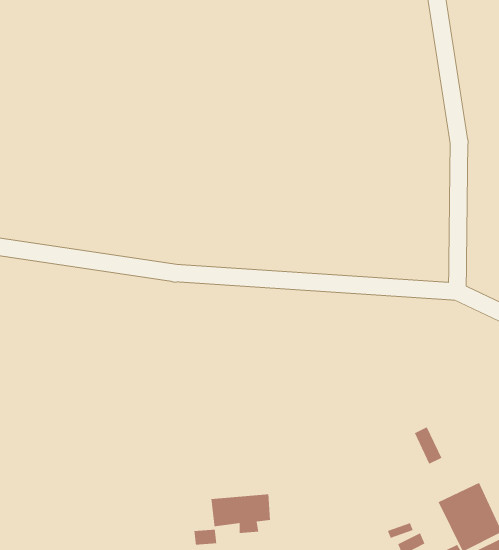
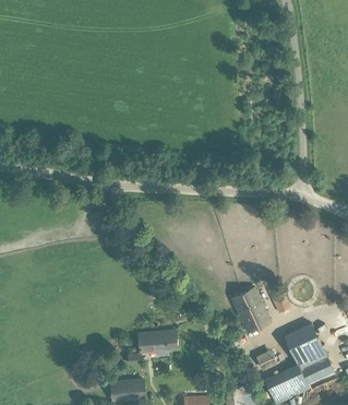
building: none -> [231,288,269,333]

